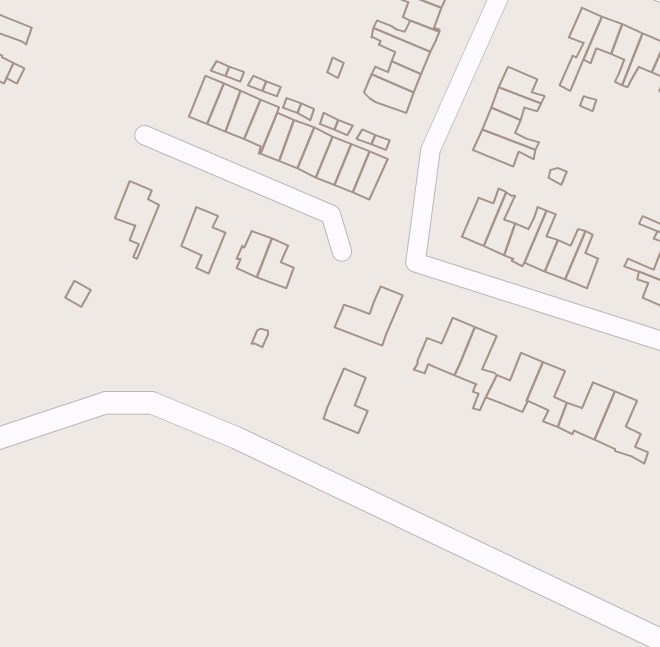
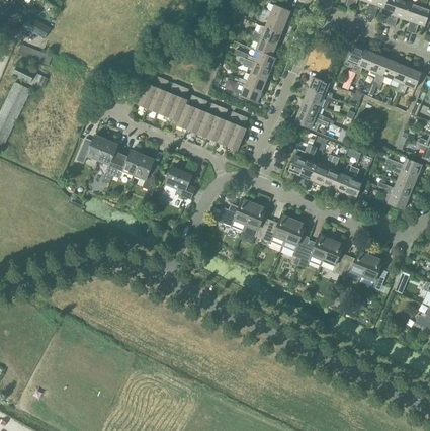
building: none -> [77,135,106,163]
building: none -> [110,150,143,182]
building: [323,369,368,433] -> [245,202,269,238]

